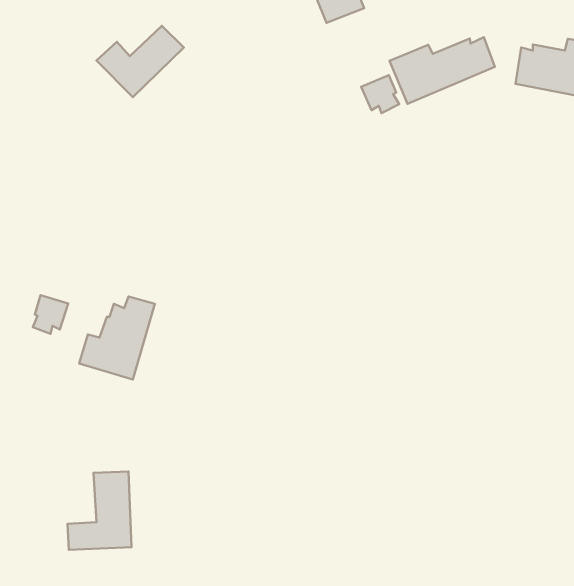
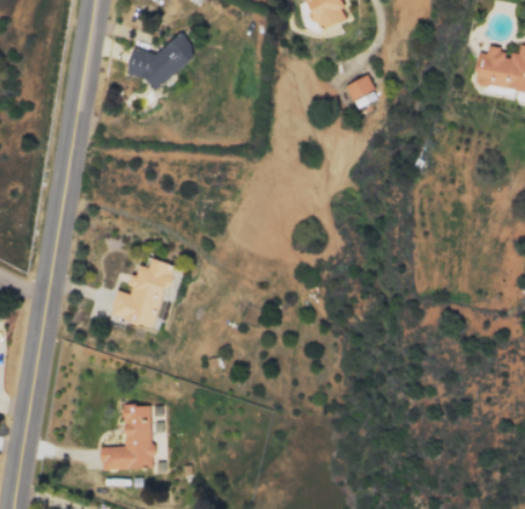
building: [389,37,495,104] -> none
building: [33,295,68,334] -> none

